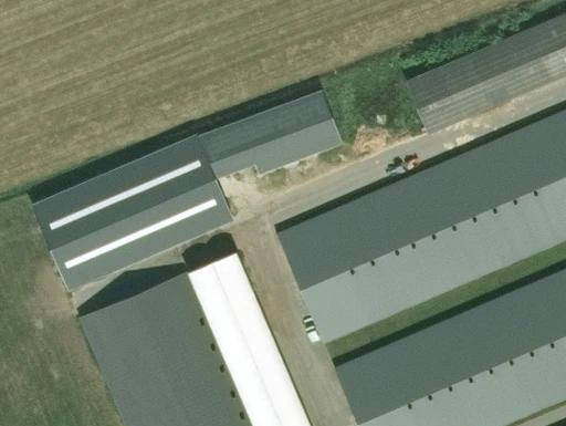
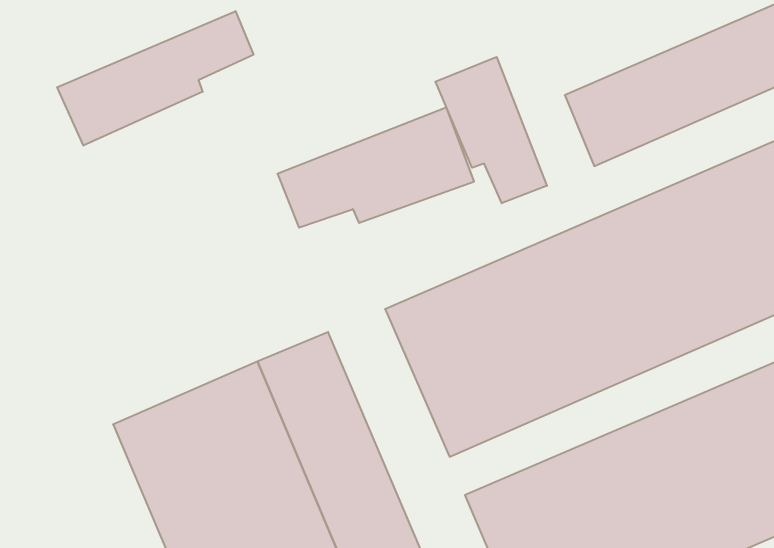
building: none -> [57,11,253,146]
building: none -> [435,57,547,203]
building: [33,134,232,290] -> none

